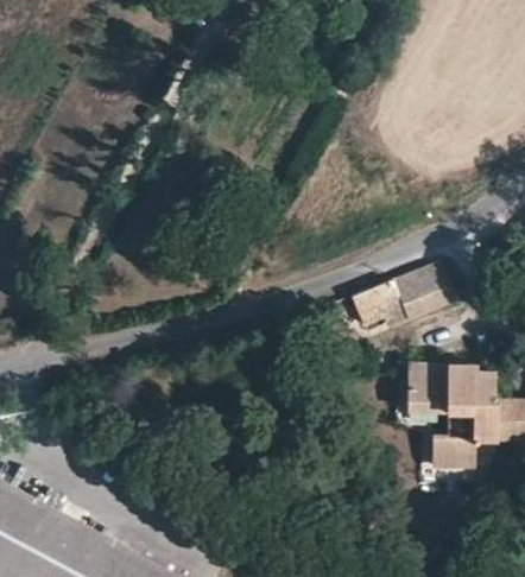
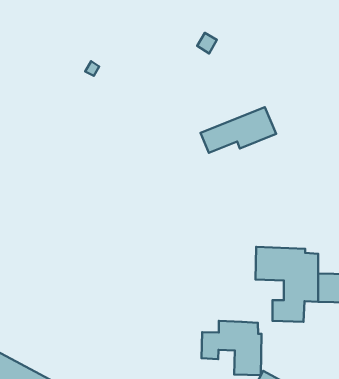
building: [350,265,455,328] -> [200,107,276,153]
building: none -> [201,321,262,375]

